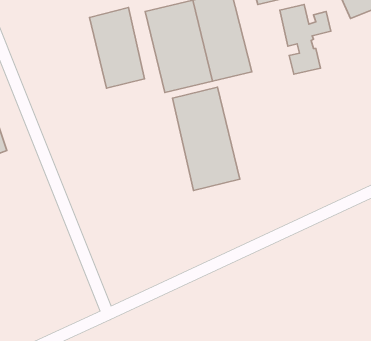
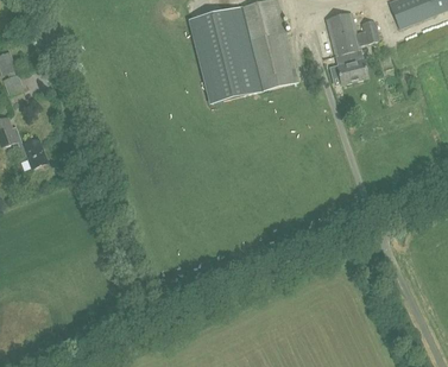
building: [89,8,144,88] -> none
building: [172,87,240,191] -> none

